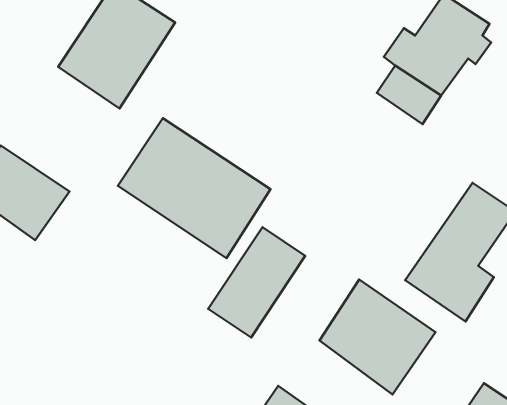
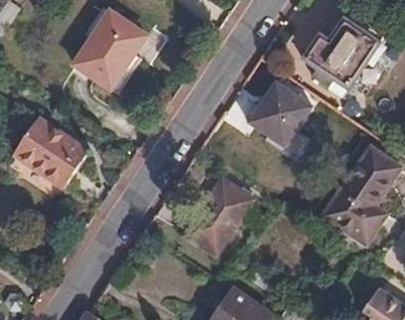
building: none -> [250,83,311,144]
building: [118,118,271,258] -> none
building: [319,280,435,394] -> none

